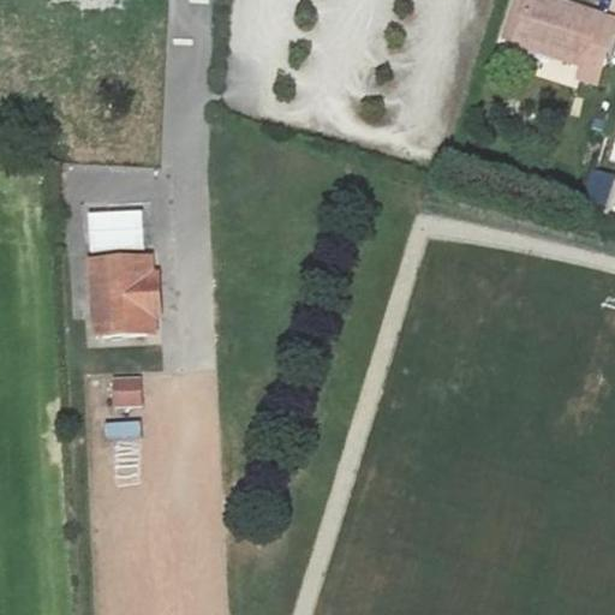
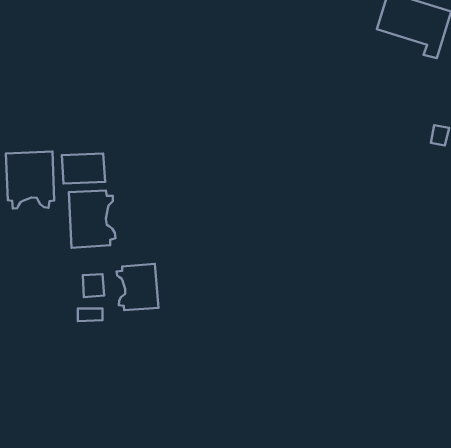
building: none -> [6,151,54,209]
building: none -> [117,264,159,310]

